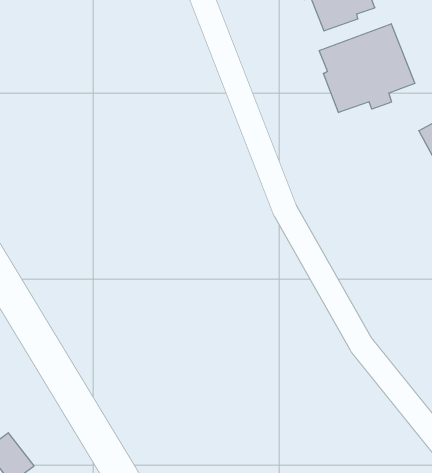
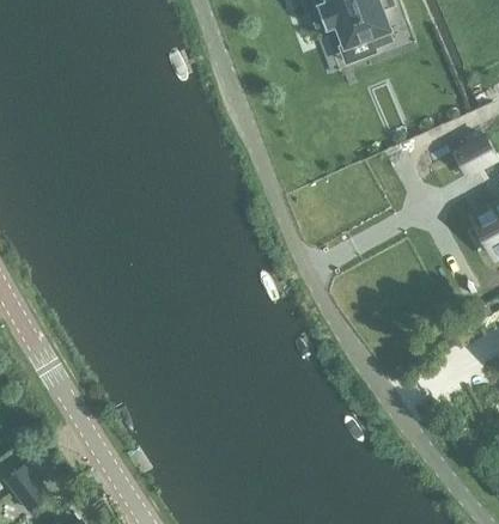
building: [319,24,415,113] -> none

